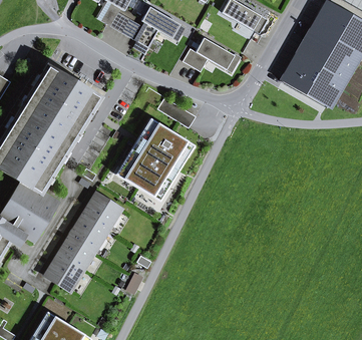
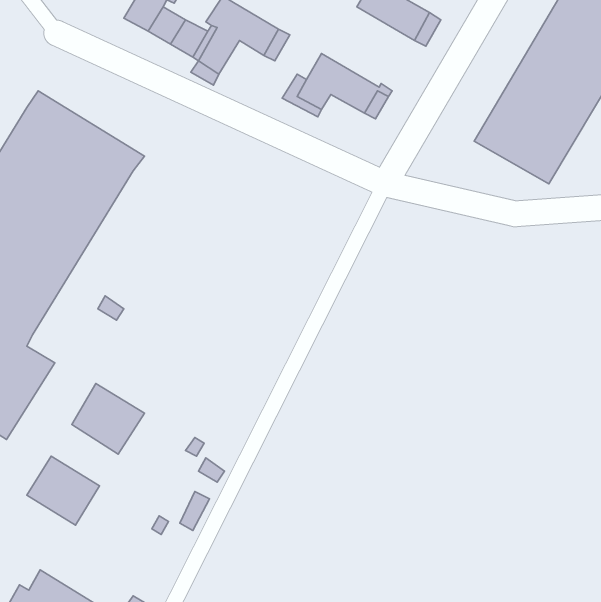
building: [115,119,196,204] -> none
building: [82,193,122,231] -> none
building: [58,237,94,270] -> none

